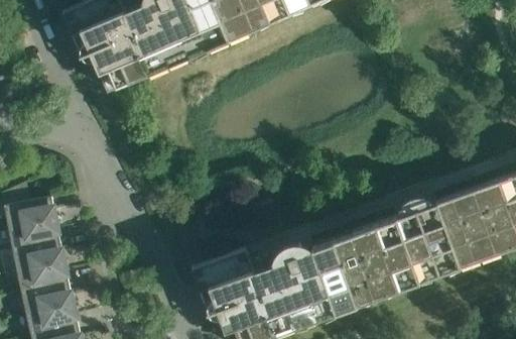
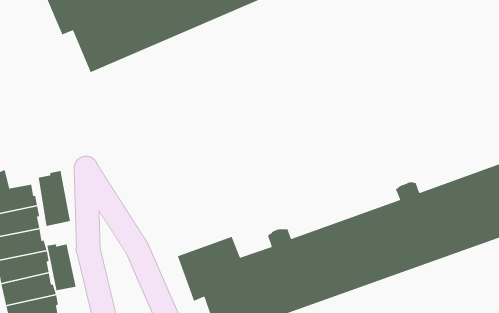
building: none -> [38,170,71,227]
building: none -> [46,243,77,291]

